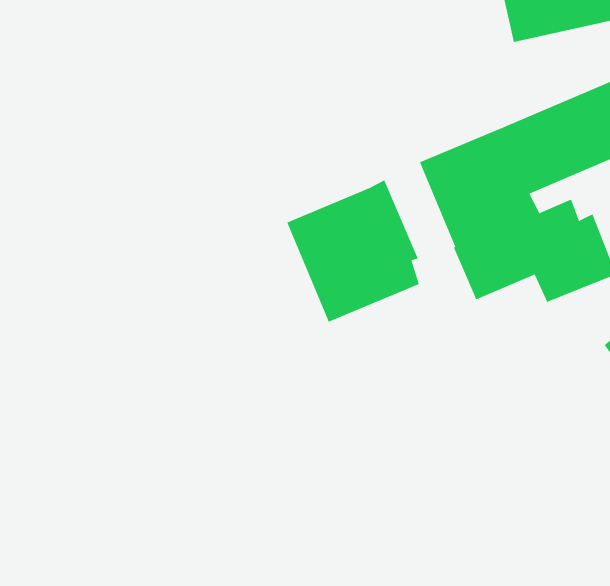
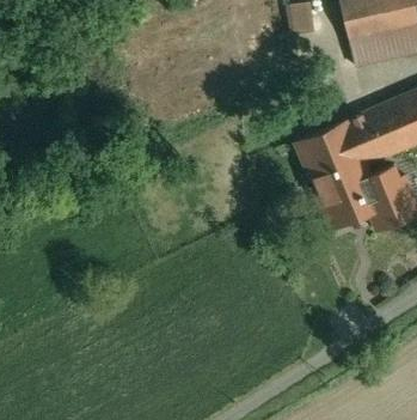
building: [286,179,419,322] -> none

